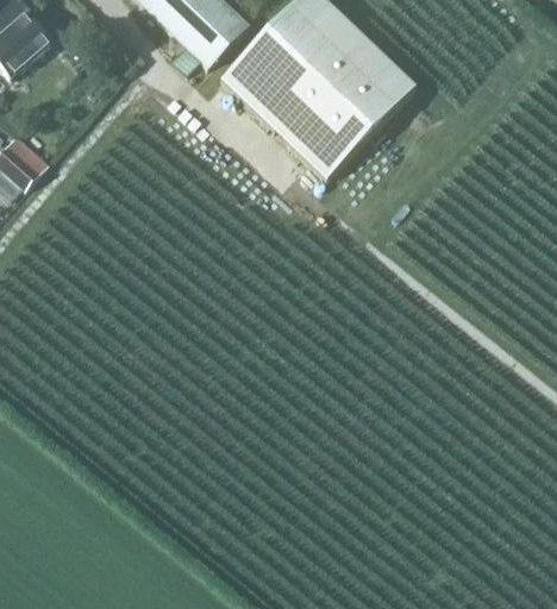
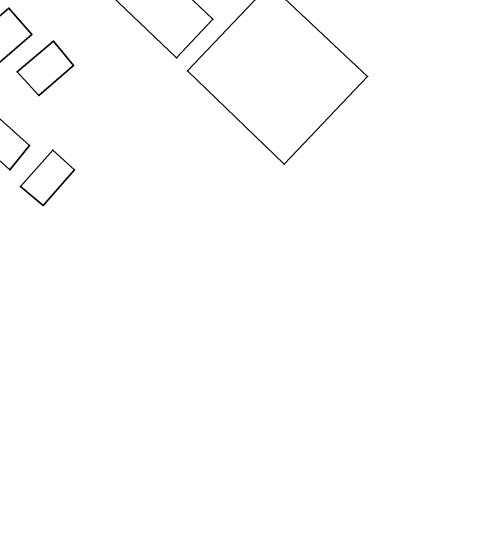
building: none -> [17,41,74,95]
building: none -> [20,150,75,205]

